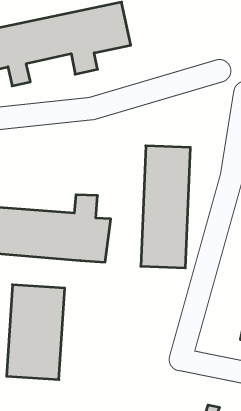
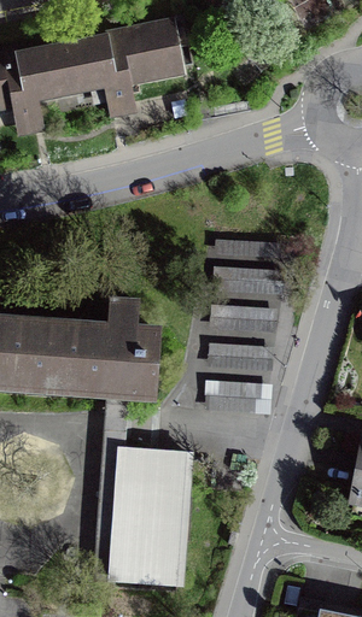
building: [7,285,65,380] -> [109,451,193,588]

